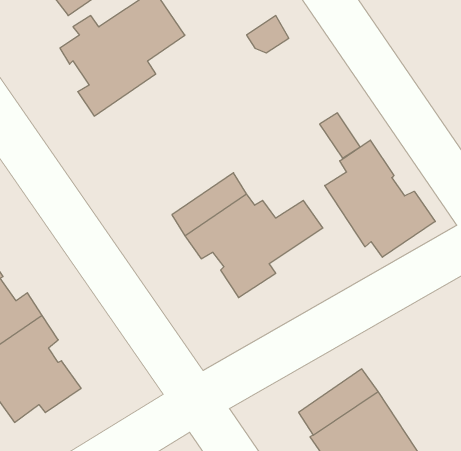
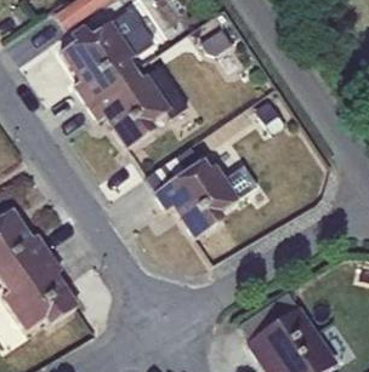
building: none -> [86,64,188,148]
building: [325,140,435,257] -> none

